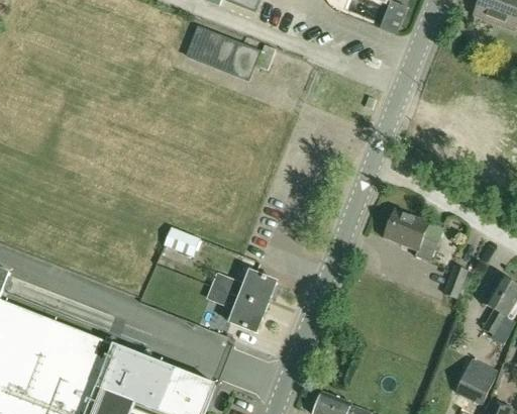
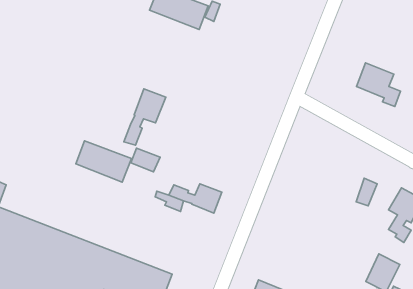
building: none -> [124,89,166,145]
building: [384,209,438,264] -> [356,63,400,107]
building: none -> [76,141,131,182]
building: [229,297,267,333] -> none

